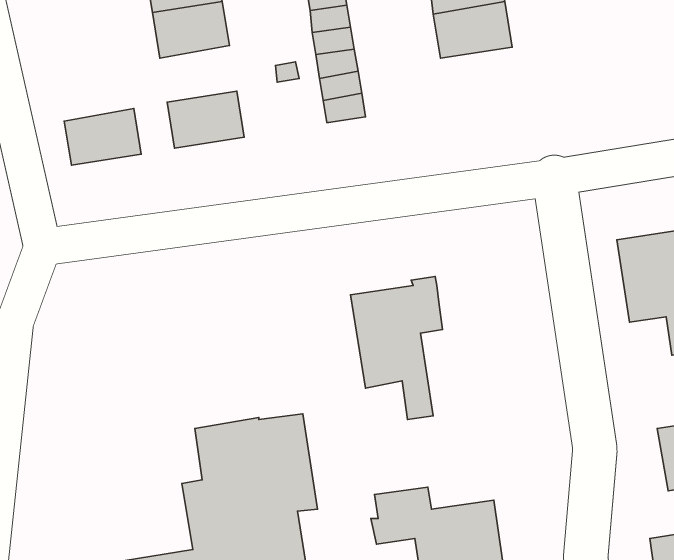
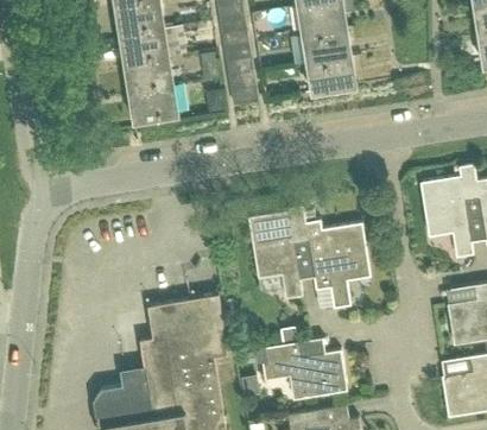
building: none -> [305,57,356,94]
building: [64,108,141,165] -> [124,56,173,93]
building: none -> [303,210,369,308]

